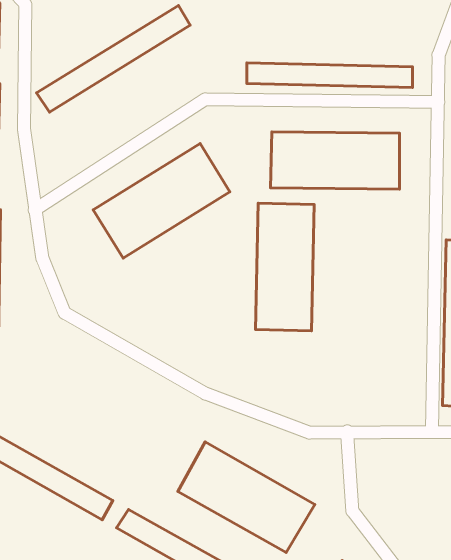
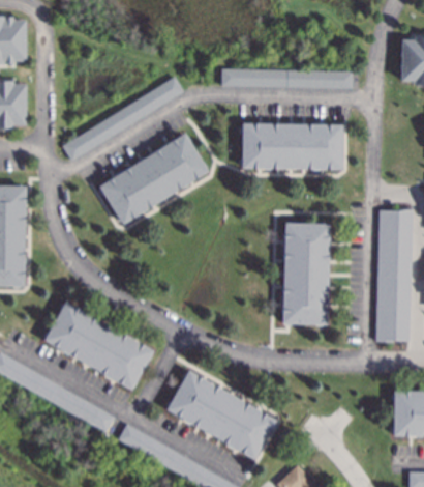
building: [37,6,190,112] -> [63,76,185,161]
building: [256,203,314,331] -> [283,223,330,324]
building: none -> [46,300,154,390]

